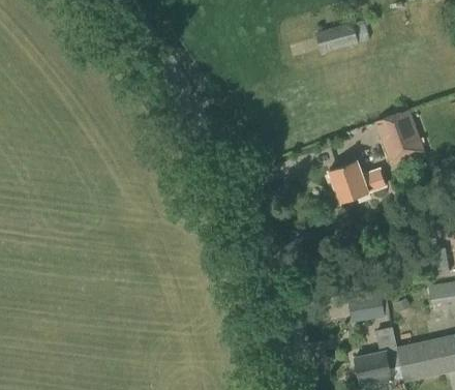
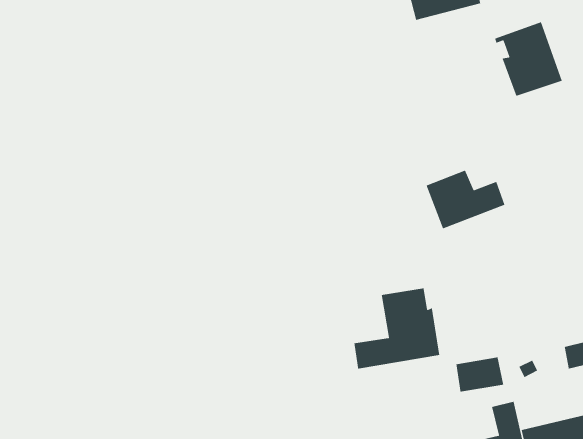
building: [374,109,424,163] -> [494,21,563,97]
building: none -> [354,288,440,370]

